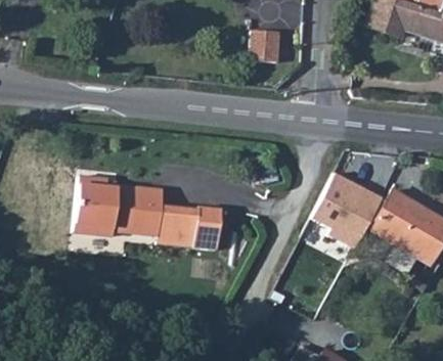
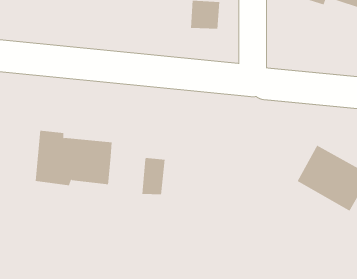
building: [311,172,384,250] -> none
building: [160,205,200,246] -> none

